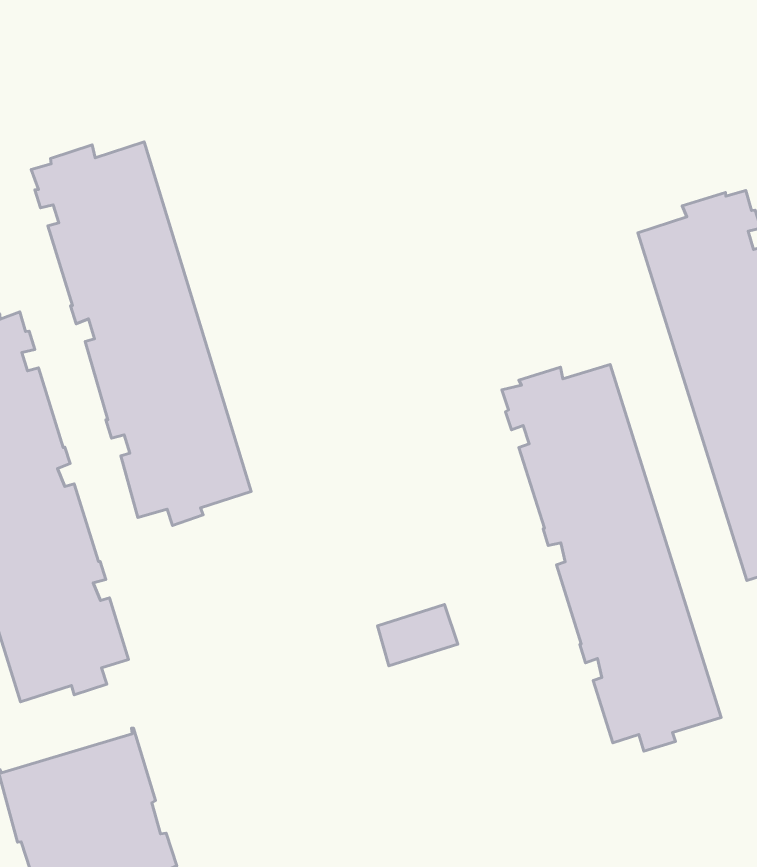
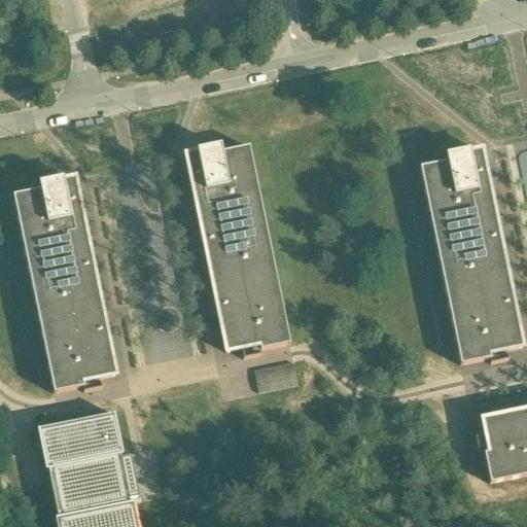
building: [31,142,251,525] -> [185,140,289,354]
building: [502,365,721,751] -> none

